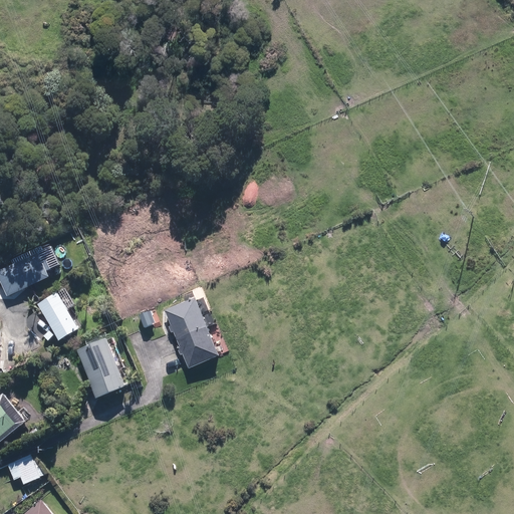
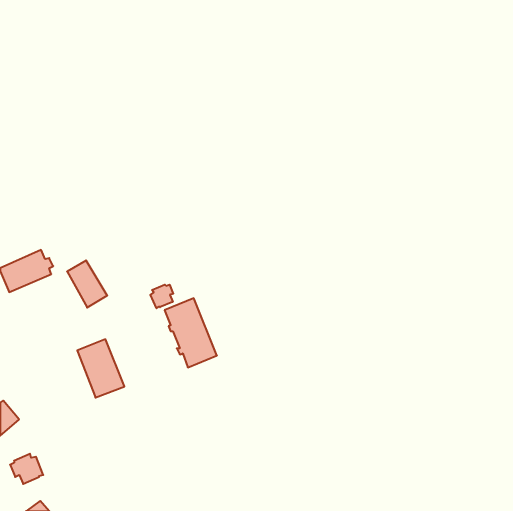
building: none -> [150,285,173,308]
building: [41,290,81,337] -> [67,260,107,308]

